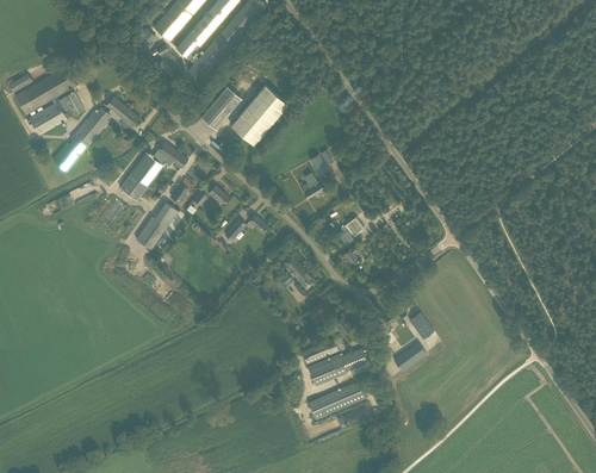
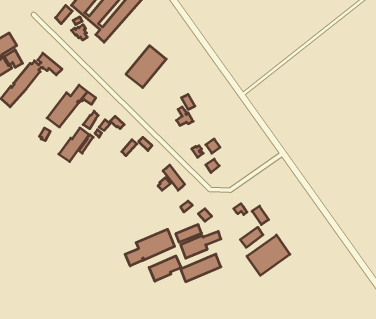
building: [200,85,241,129] -> none
building: none -> [125,229,175,266]
building: none -> [247,235,290,275]
building: none -> [149,256,181,281]

